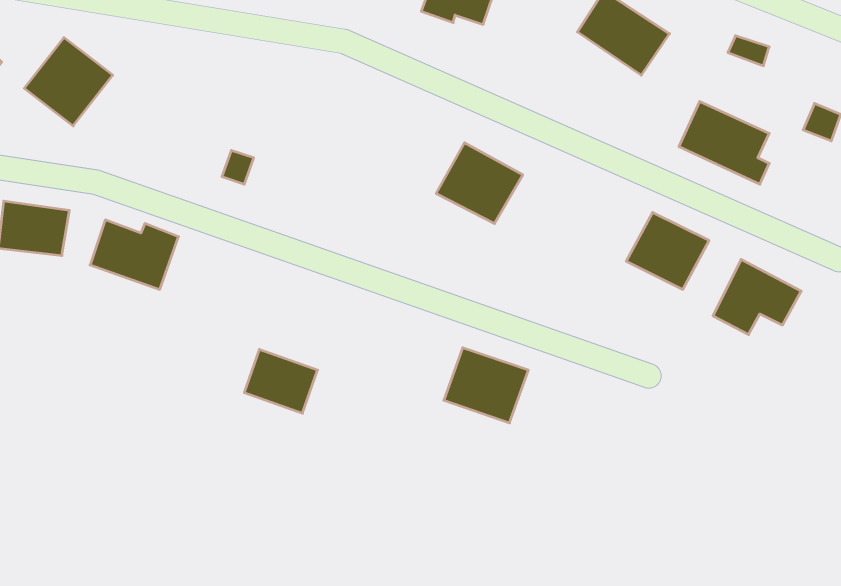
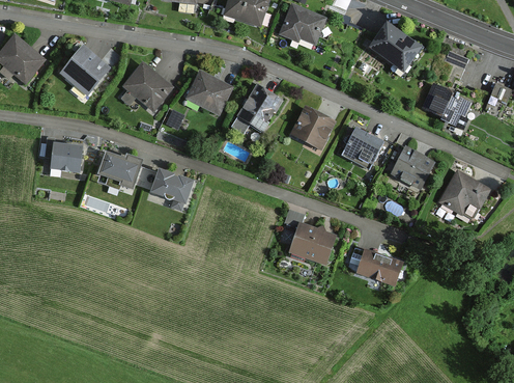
building: none -> [122,63,172,109]
building: none -> [187,73,232,115]
building: none -> [232,84,277,131]
building: none -> [343,126,386,168]
building: [244,349,318,413] -> [155,167,196,202]
building: none -> [356,246,404,284]

